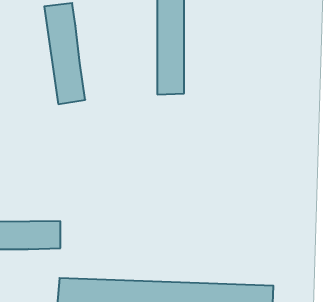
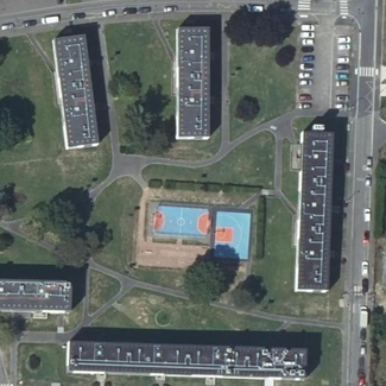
building: none -> [295,131,333,290]

